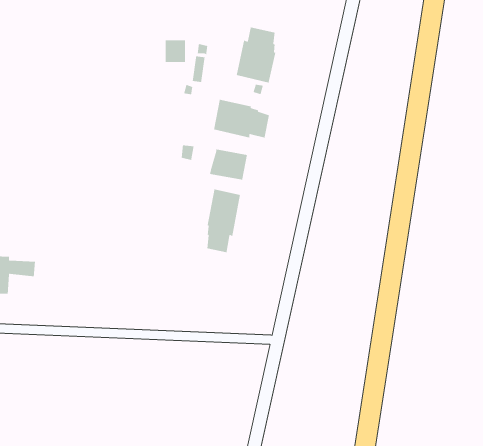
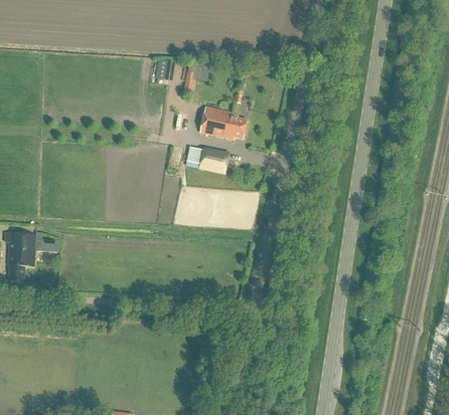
building: [236,26,276,84] -> none
building: [206,188,241,253] -> none

